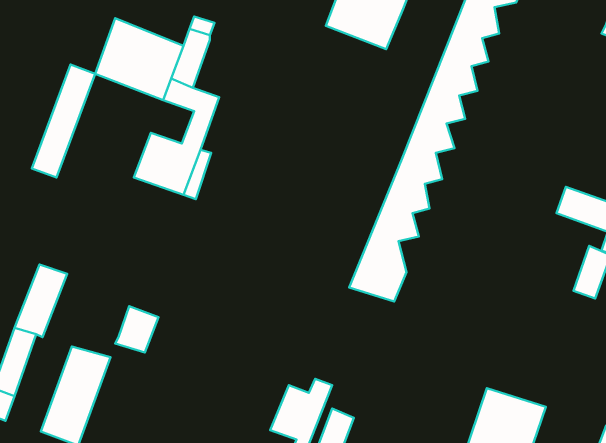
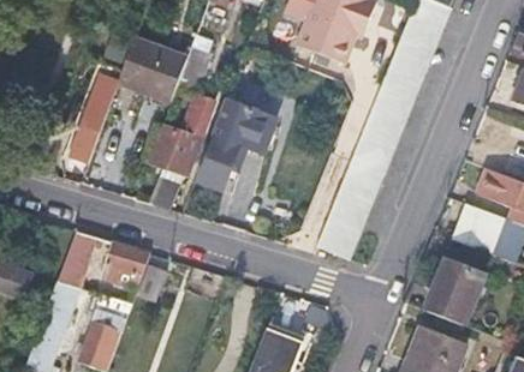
building: none -> [200,100,275,190]
building: none -> [454,203,501,250]
building: none -> [100,241,149,286]
building: none -> [424,259,482,323]

